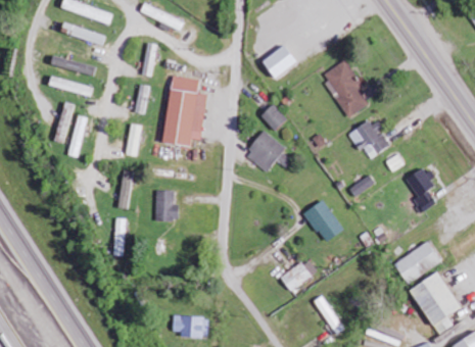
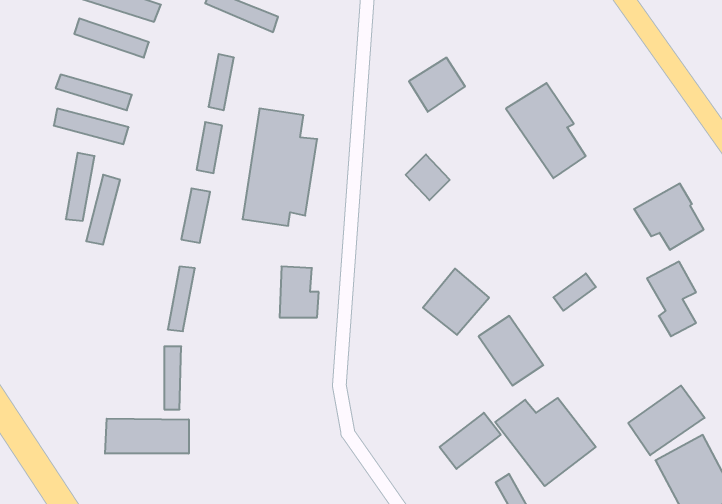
building: [348,118,390,158] -> [634,184,704,250]
building: [245,132,285,171] -> [423,269,489,335]
building: [155,190,179,220] -> [280,266,319,317]
building: none -> [495,398,596,486]
building: none -> [105,419,189,454]

